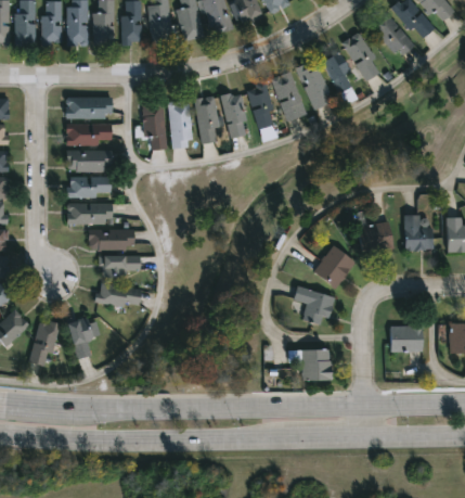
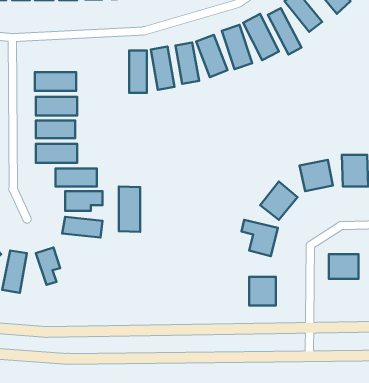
building: [65,97,112,118] -> none
building: [142,102,165,149] -> none
building: none -> [119,187,140,232]

